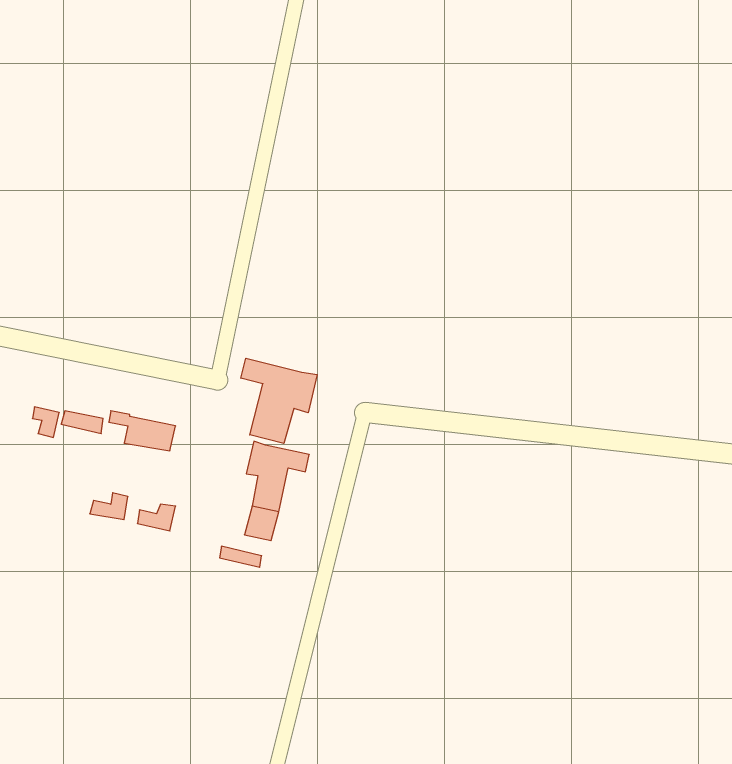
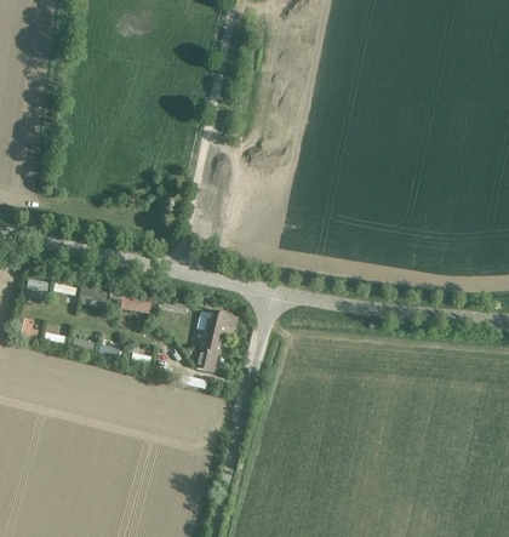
building: [241,358,317,443] -> none

